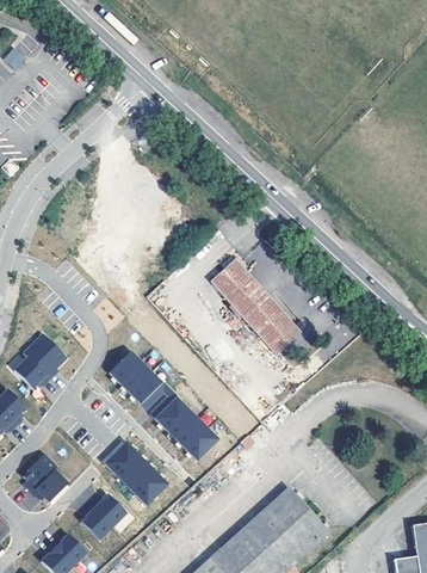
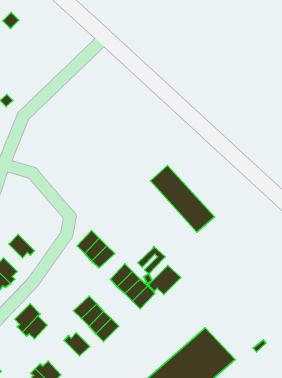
building: [24,333,67,380] -> none
building: [141,381,179,419] -> [138,247,165,274]
building: none -> [149,266,181,295]
building: [82,505,113,540] -> none

